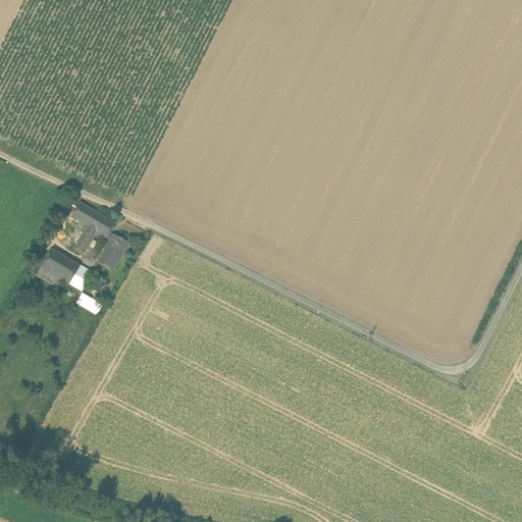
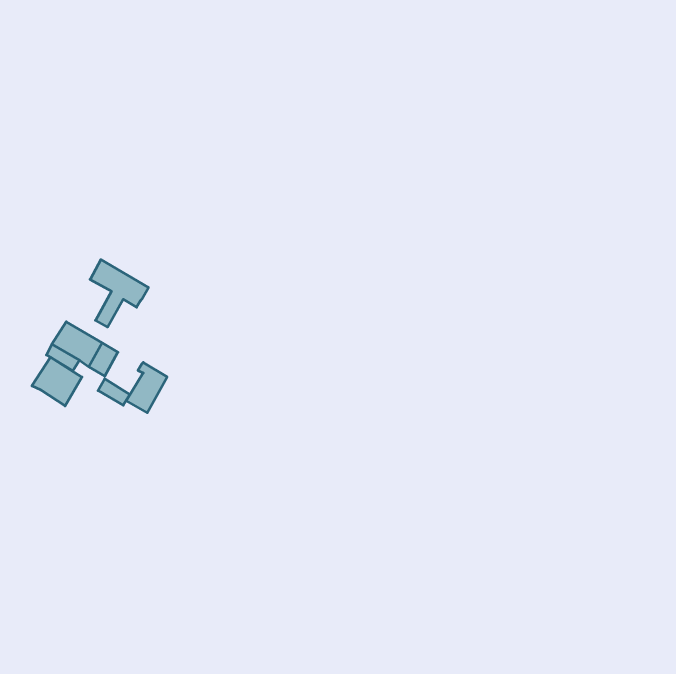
building: [96,230,127,269] -> [126,362,167,413]
building: none -> [32,357,82,406]

